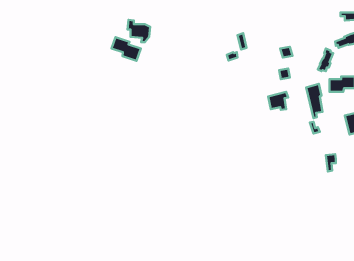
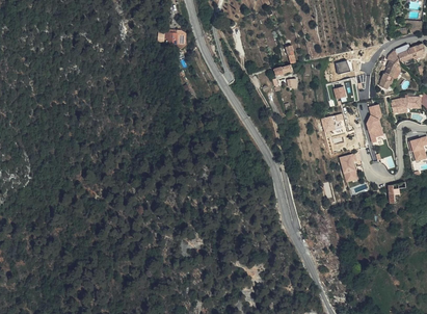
building: [112,37,141,61] -> none
building: none -> [339,153,358,182]

